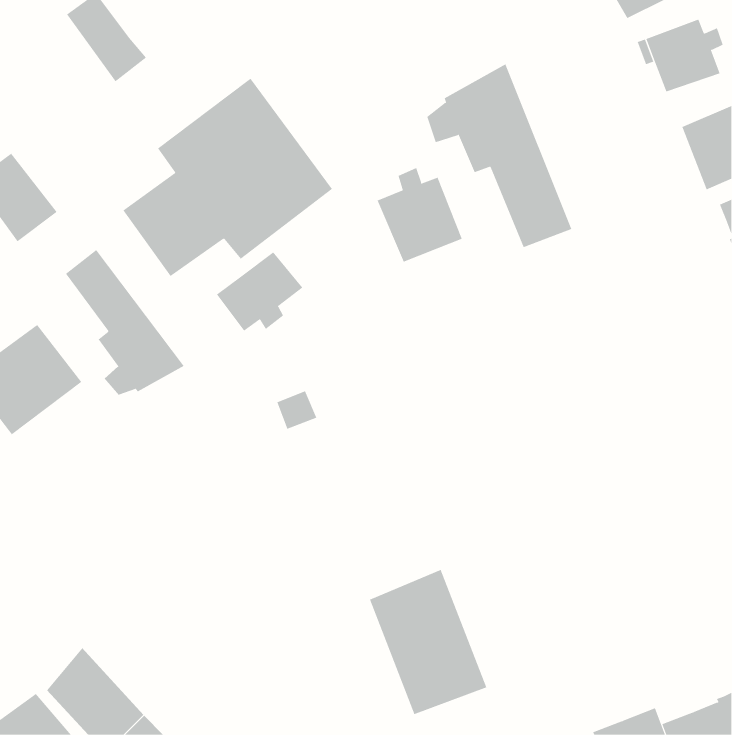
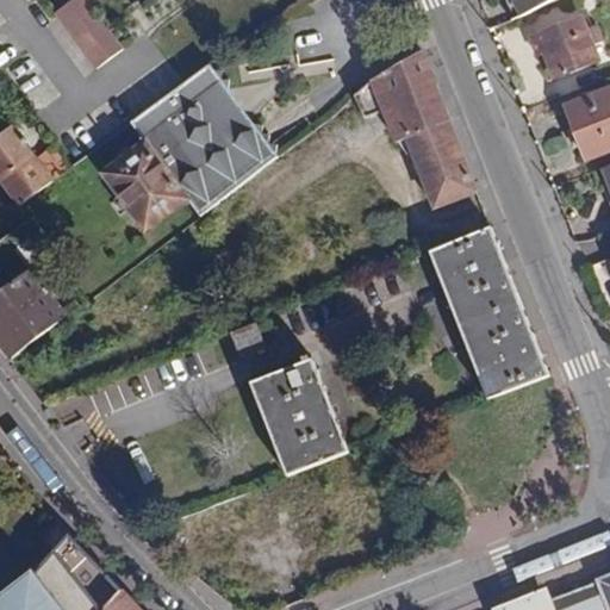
building: [377,167,462,262] -> none
building: [65,249,185,396] -> none
building: [216,251,303,332] -> none
building: none -> [428,228,548,400]
building: [369,569,487,715] -> [249,356,347,477]

